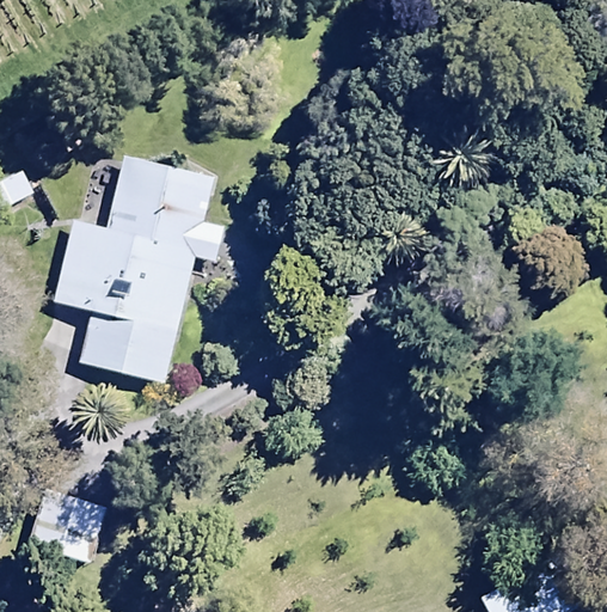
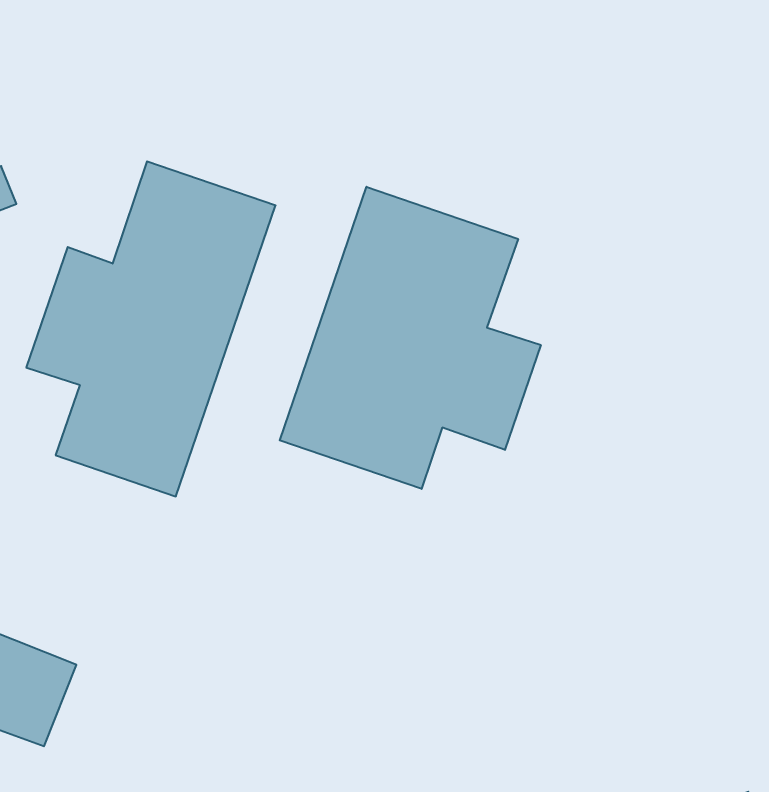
building: none -> [280,187,541,489]

